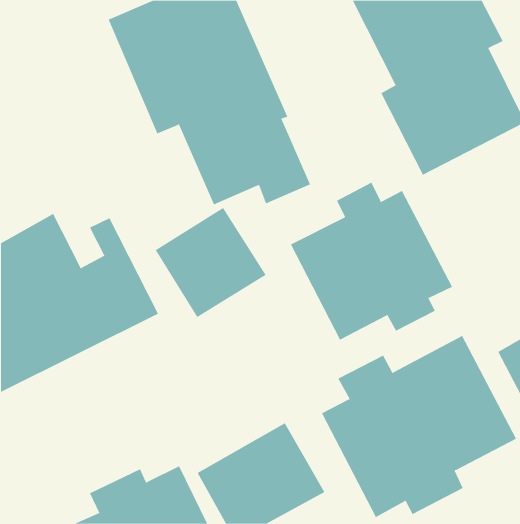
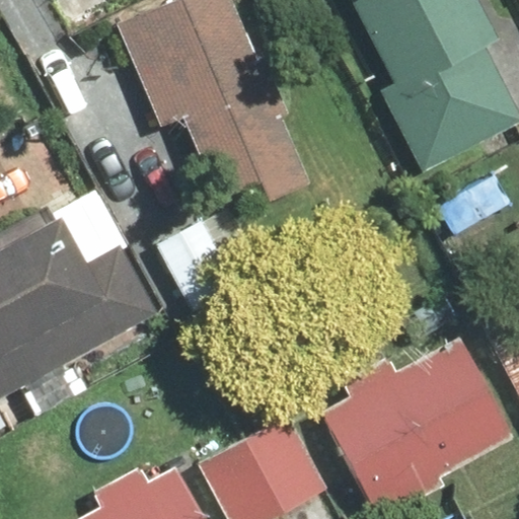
building: [290,182,453,341] -> none

